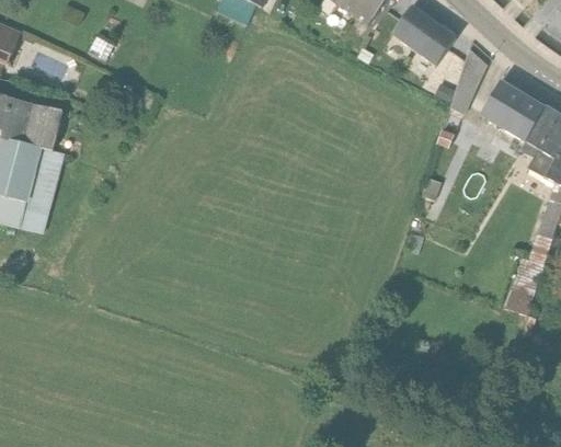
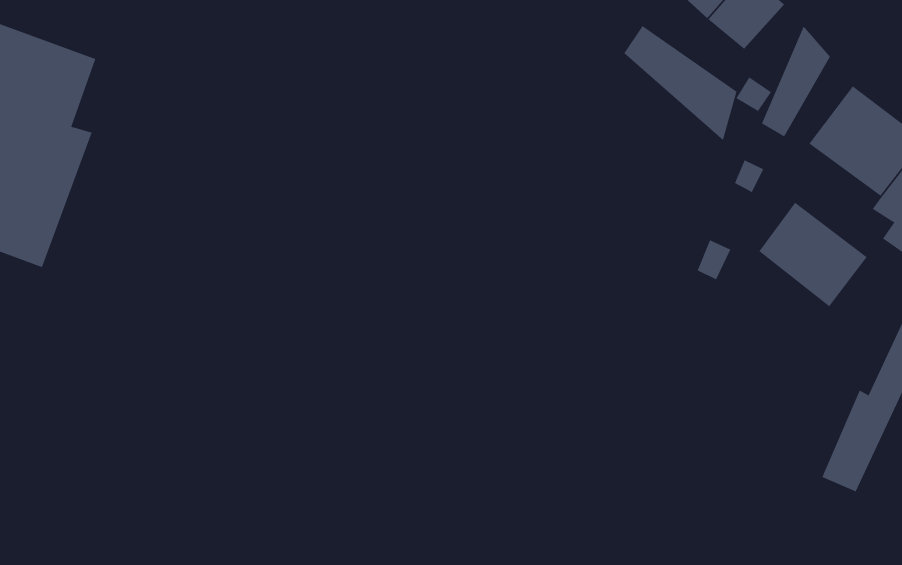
building: none -> [624,25,737,141]
building: none -> [758,202,868,307]

